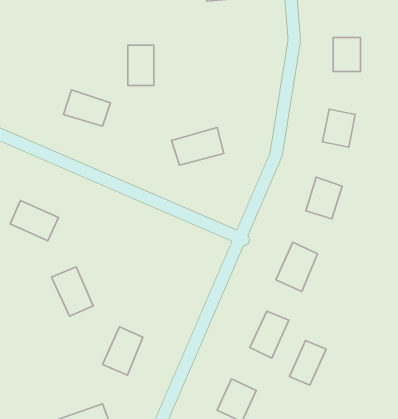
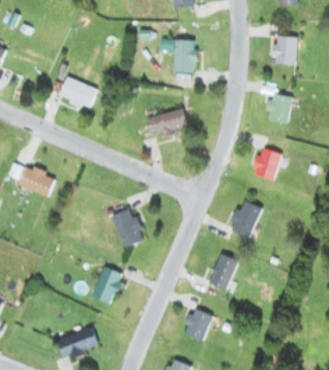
building: [128,45,154,86] -> [174,39,195,71]
building: [51,267,93,316] -> [111,208,144,247]
building: [289,340,326,385] -> none

